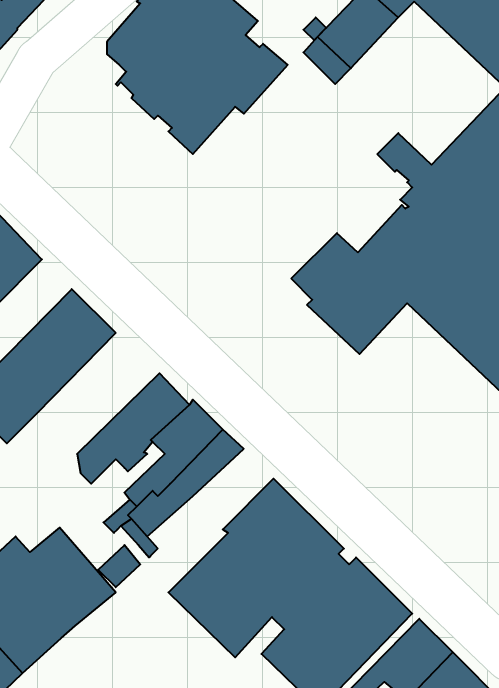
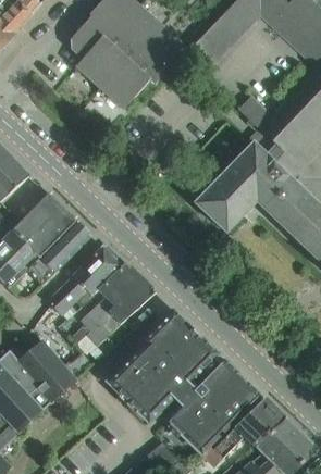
building: none -> [27,220,92,284]

